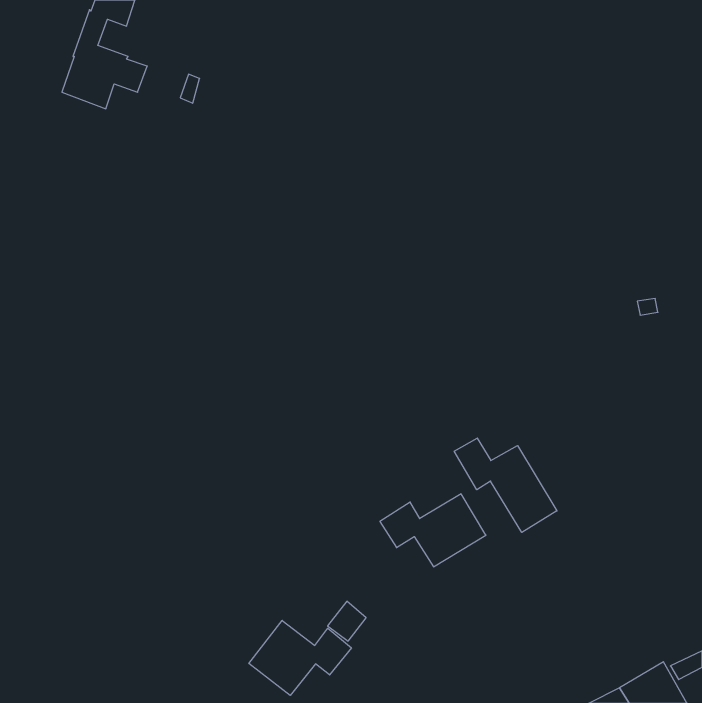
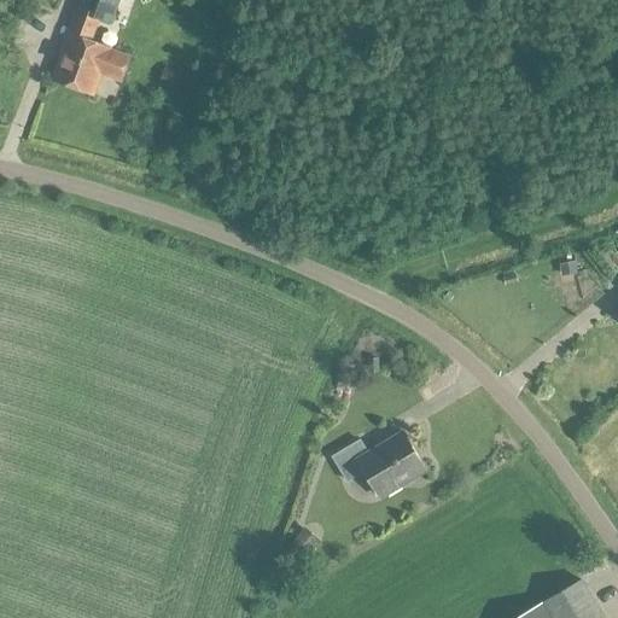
building: [454,438,557,532] -> none
building: [249,620,351,695] -> none

